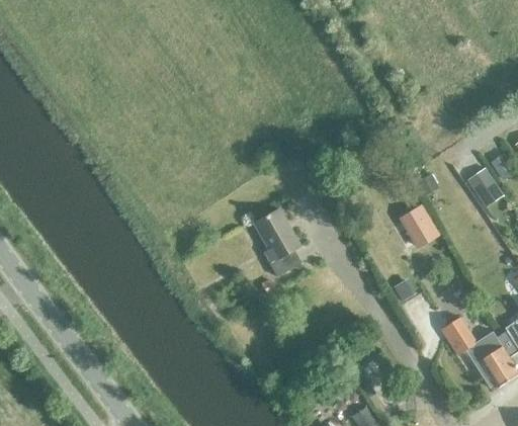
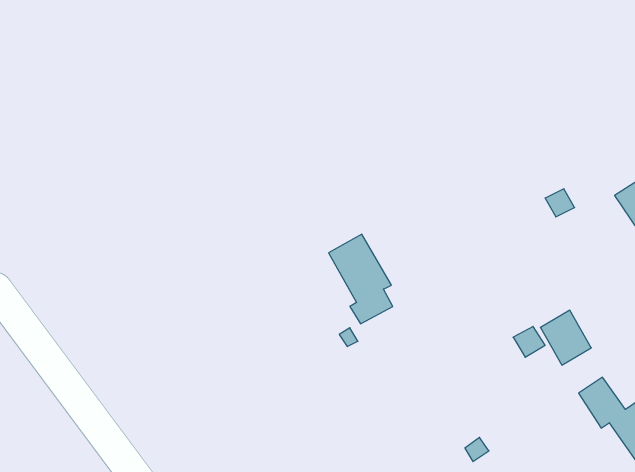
building: [400,206,438,248] -> [540,310,591,365]

